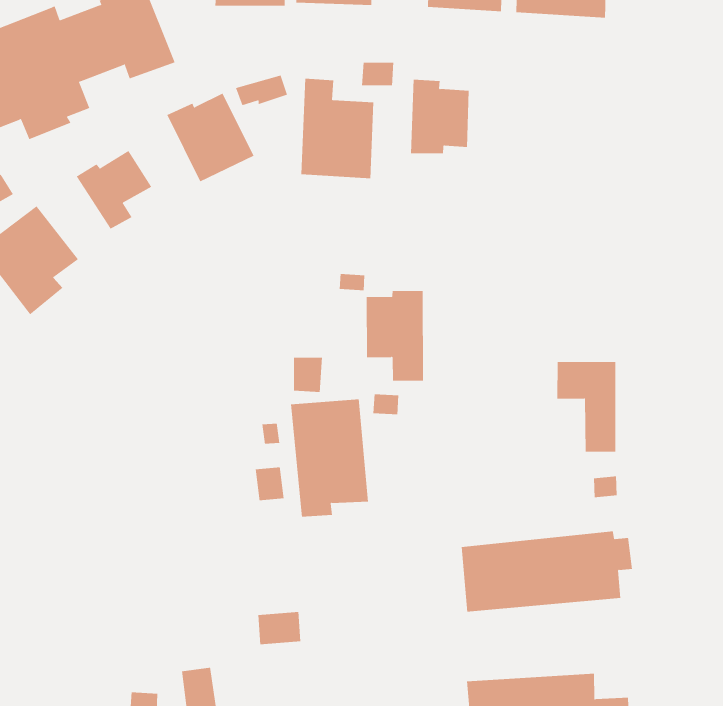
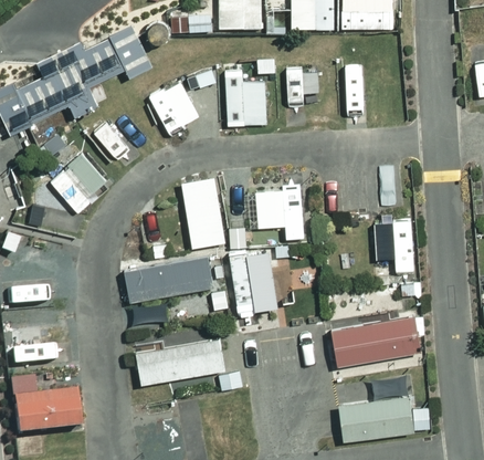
building: none -> [180,177,225,248]
building: none -> [123,254,212,303]
building: none -> [135,338,224,383]

